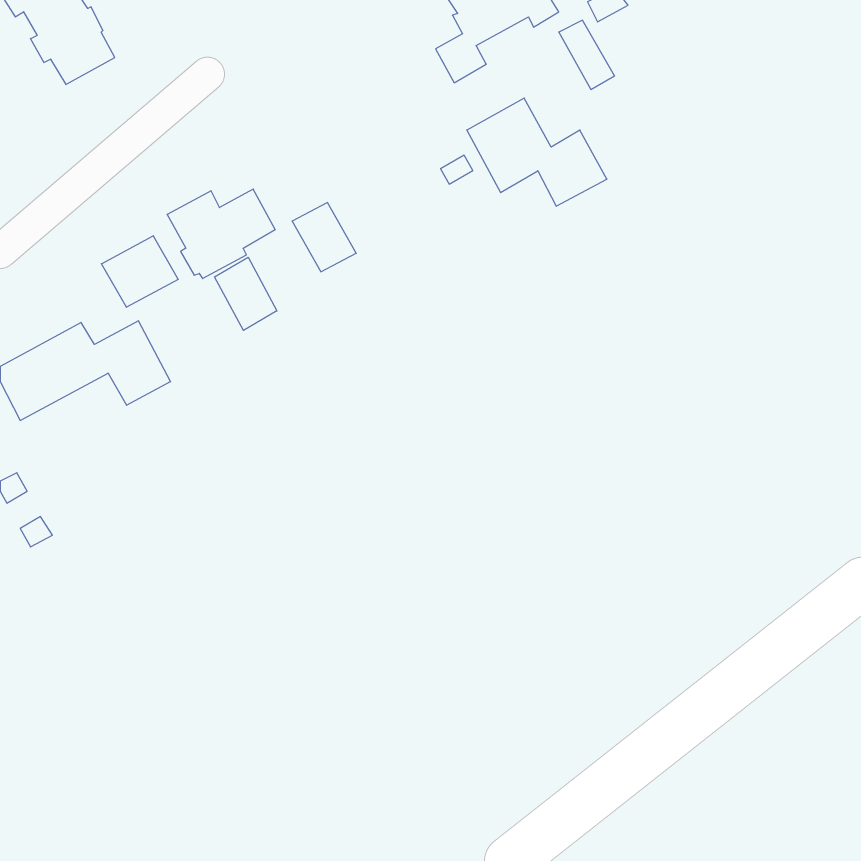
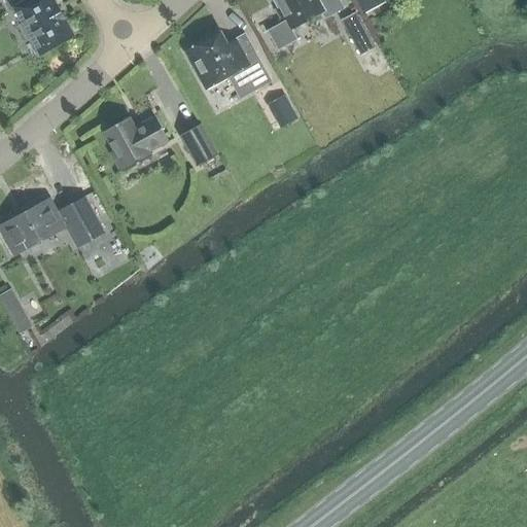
building: [467,98,607,206] -> [185,31,271,97]
building: [101,236,178,307] -> none
building: [215,257,277,330] -> none

